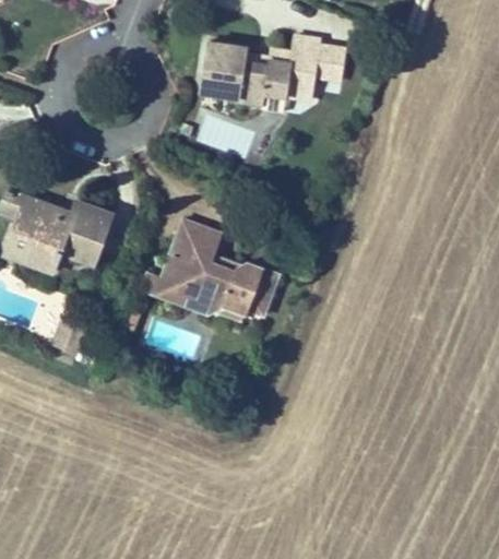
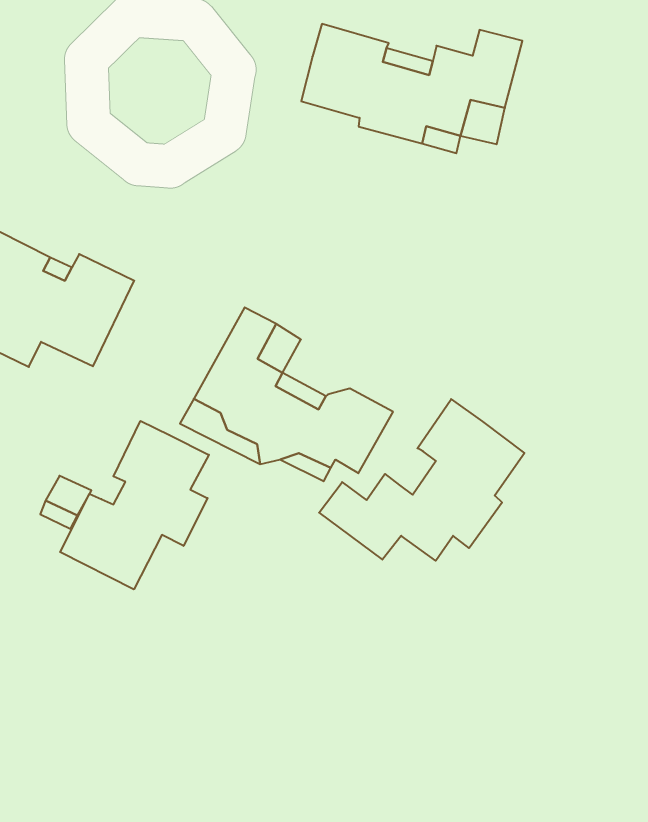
building: none -> [319,399,524,561]
building: none -> [60,421,209,589]

